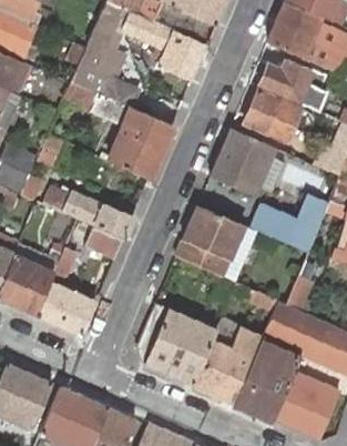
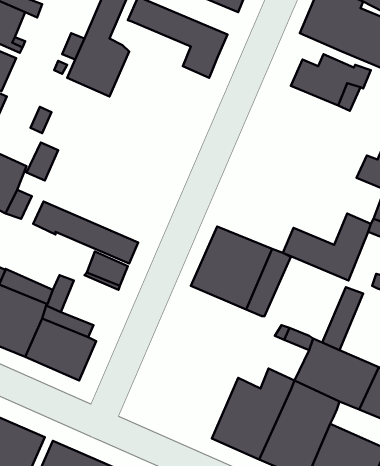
building: [62,81,172,180] -> none
building: [245,91,315,142] -> none
building: [210,129,274,195] -> none
building: [136,302,221,385] -> none

